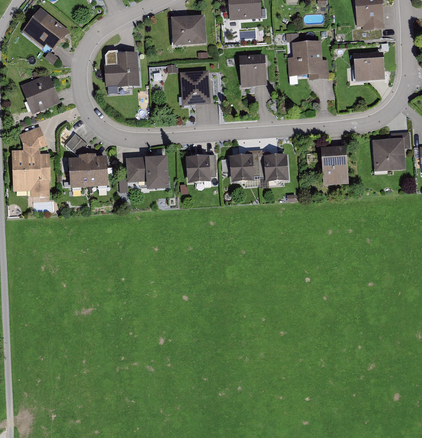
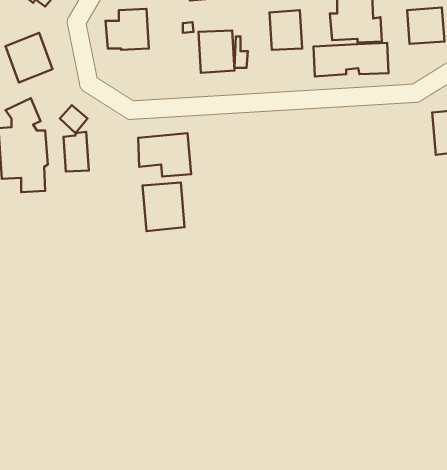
building: [323,146,352,185] -> none
building: [86,153,107,186] -> none
building: [230,153,292,181] -> [314,43,388,77]
building: [187,155,213,185] -> none
building: none -> [143,183,185,231]

